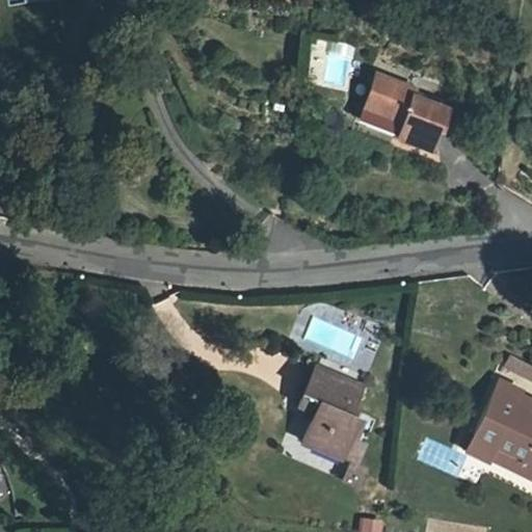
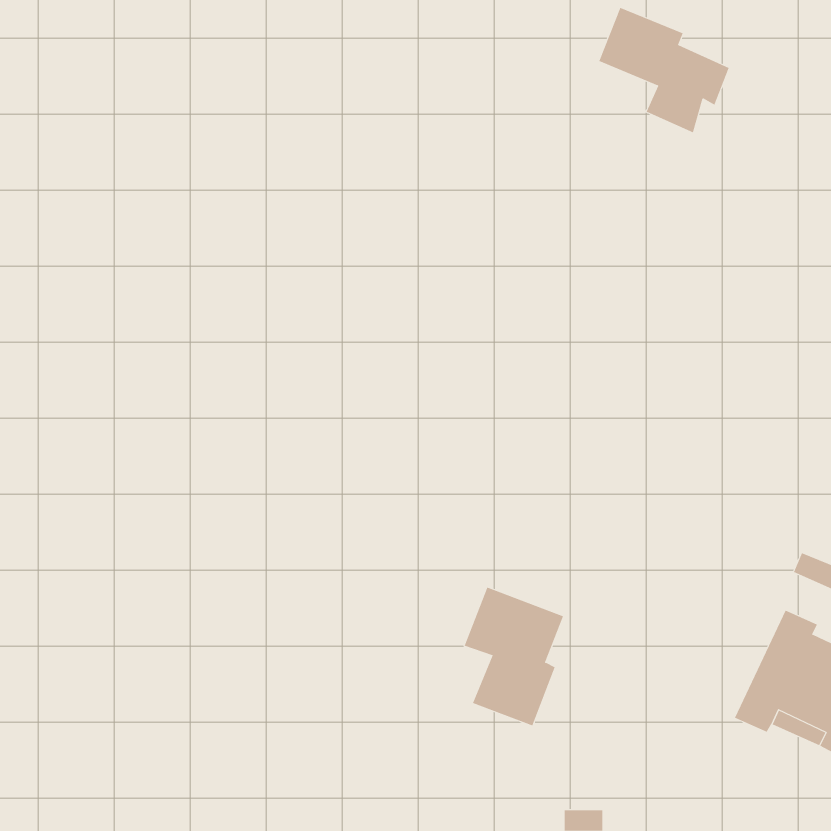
building: [364,72,447,152] -> [598,7,729,133]

